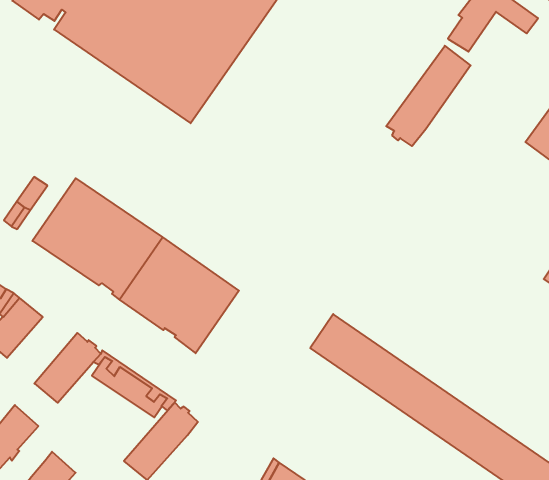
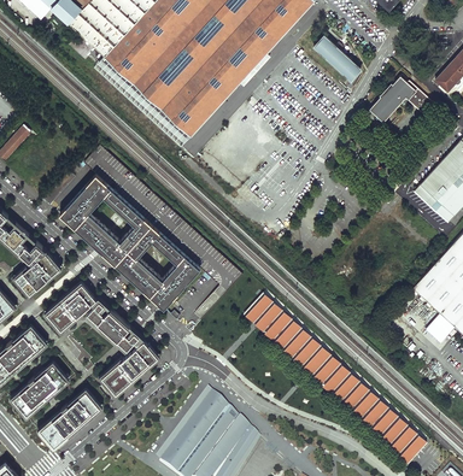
building: [386,46,471,146] -> none

